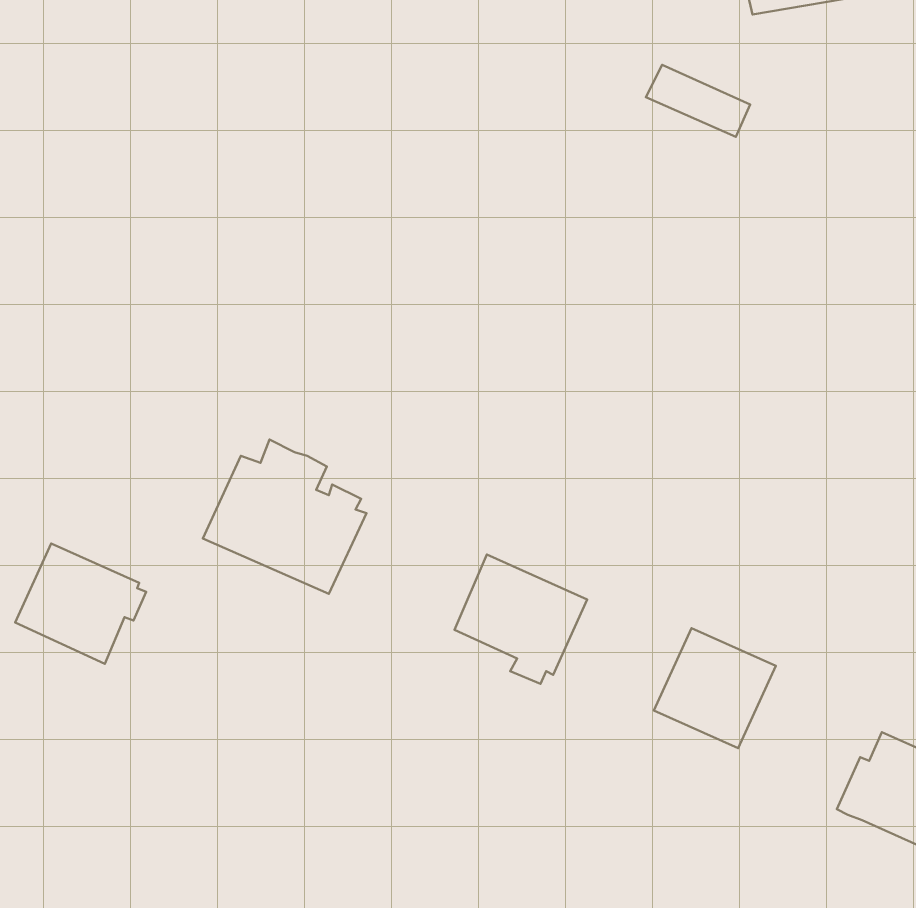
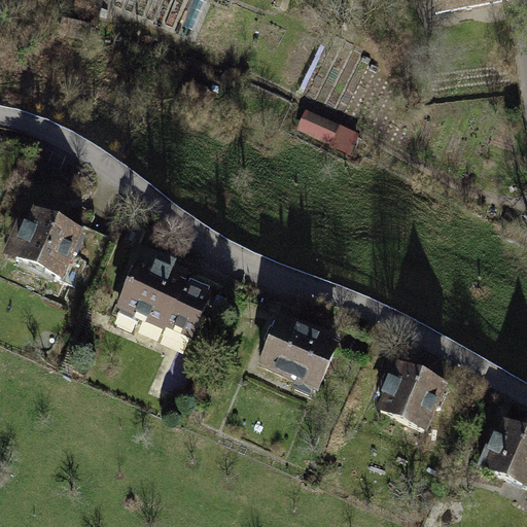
building: [646,65,750,137] -> [304,108,363,149]
building: [15,543,146,664] -> [9,207,84,276]

